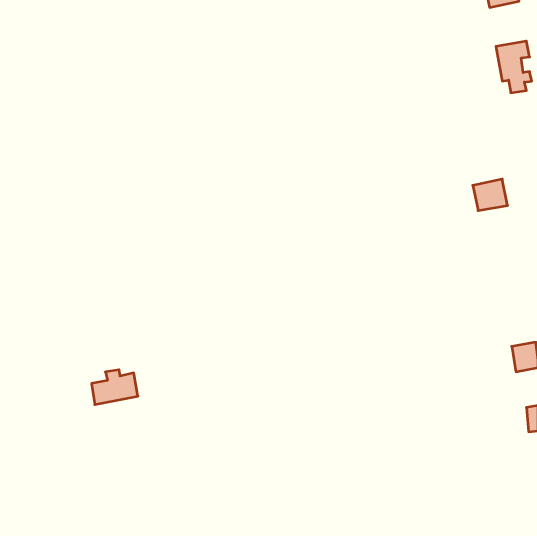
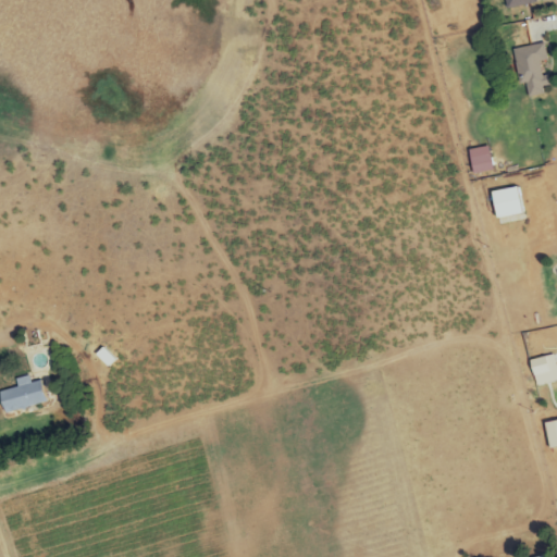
building: none -> [468,145,493,173]
building: [92,370,138,405] -> [5,375,53,411]

